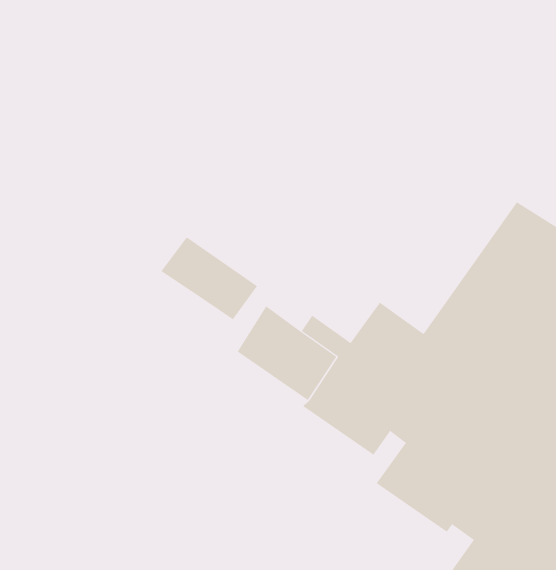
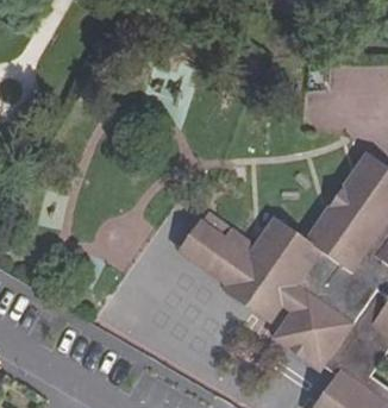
building: [160,237,258,320] -> none

